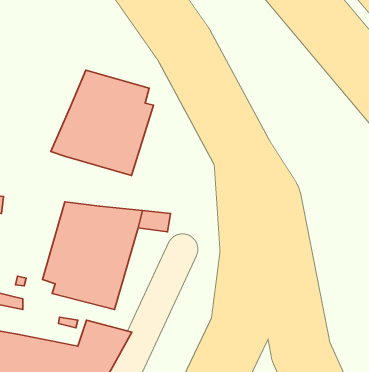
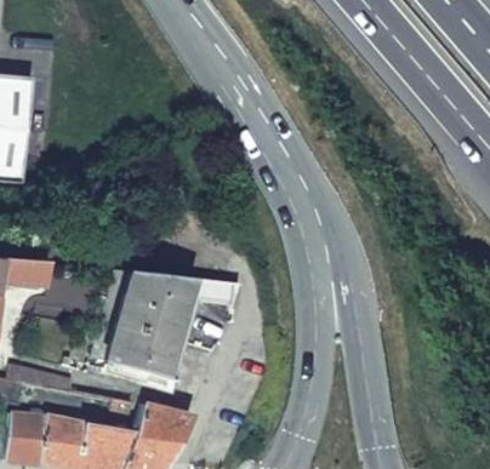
building: [51,70,153,175] -> none

